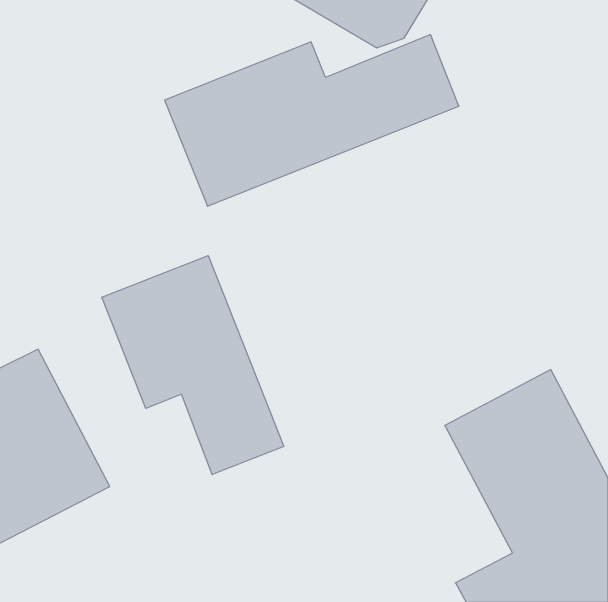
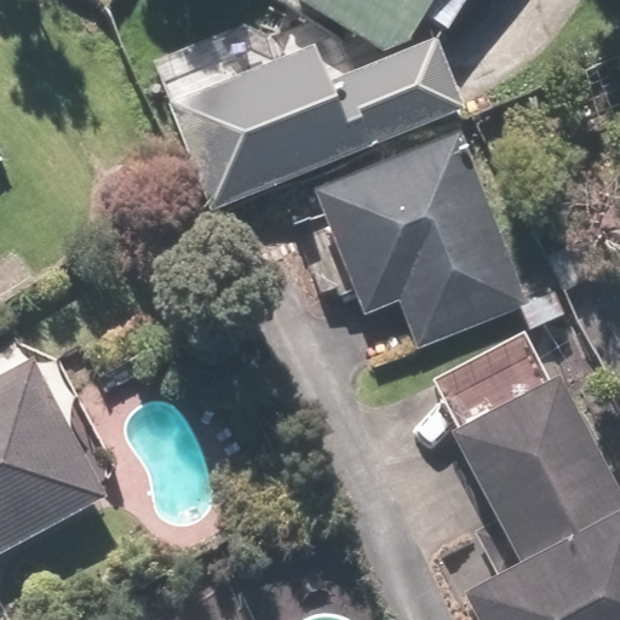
building: none -> [311,127,528,343]
building: [102,256,284,475] -> none

